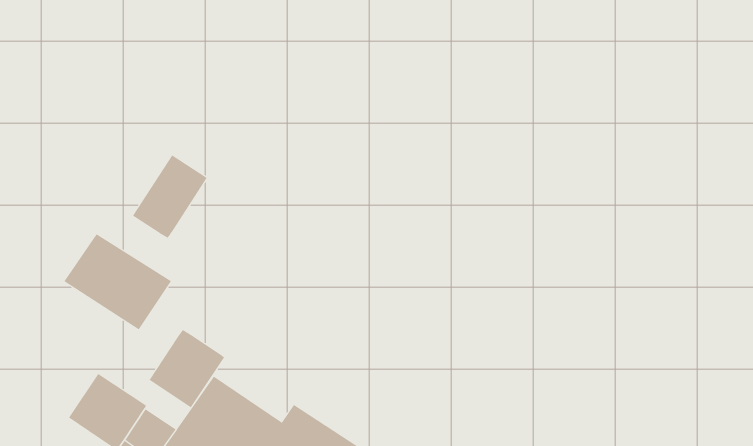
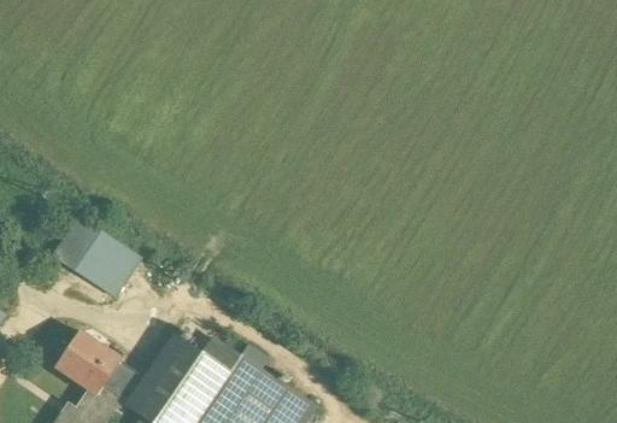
building: [132,155,207,239] -> none
building: [149,329,225,408] -> none

